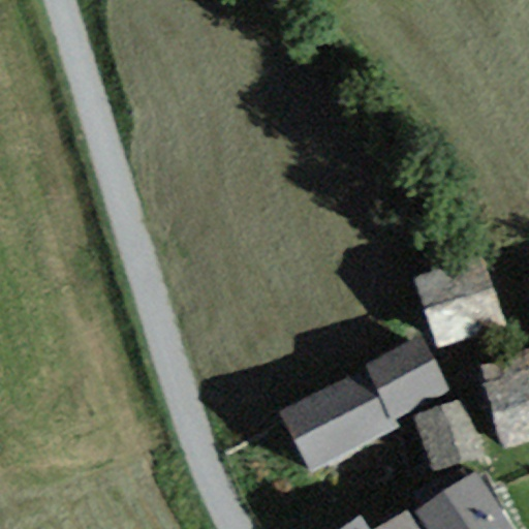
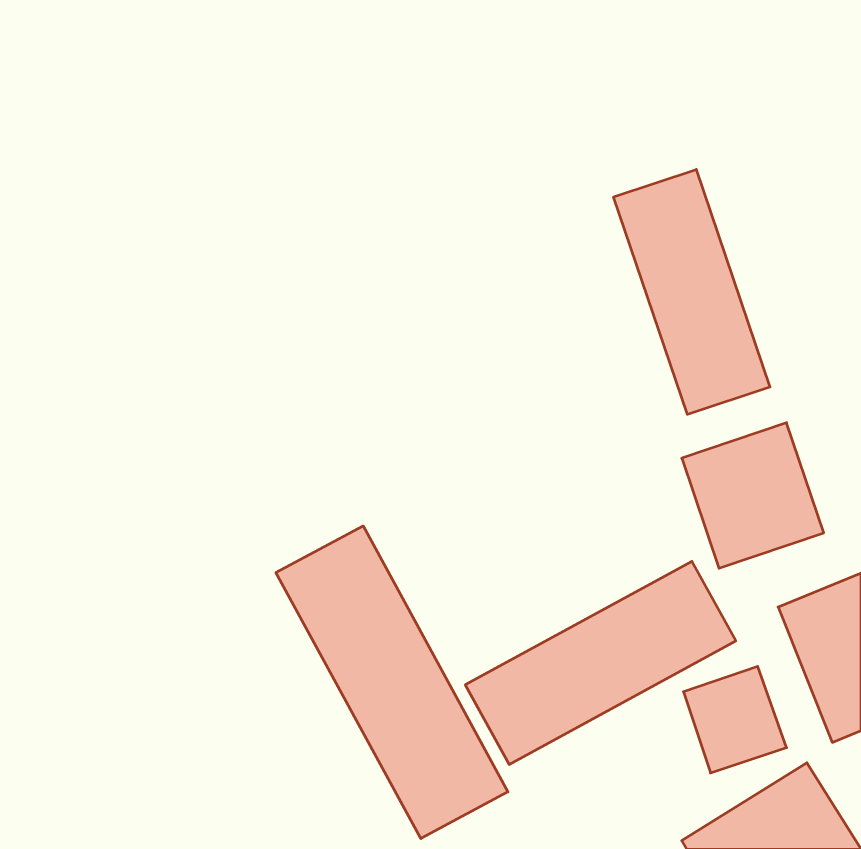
building: none -> [614,169,770,414]
building: none -> [276,526,508,839]

